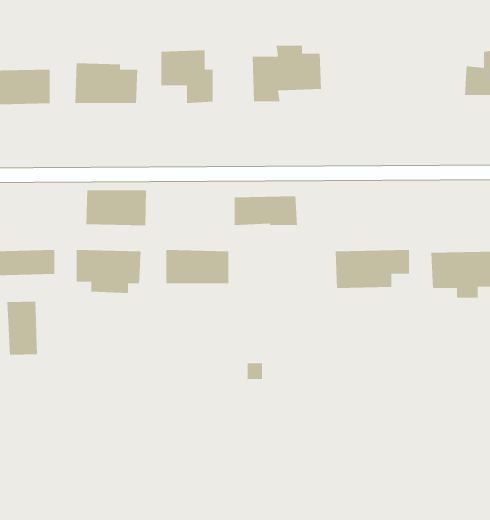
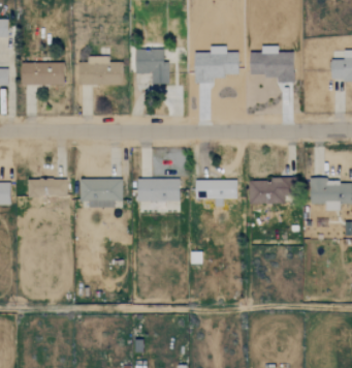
building: none -> [250,47,294,83]
building: [86,189,147,226] -> none
building: [234,195,298,226] -> [196,180,237,200]
building: [6,301,38,356] -> none

